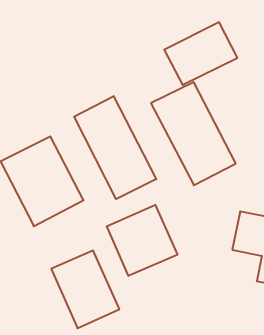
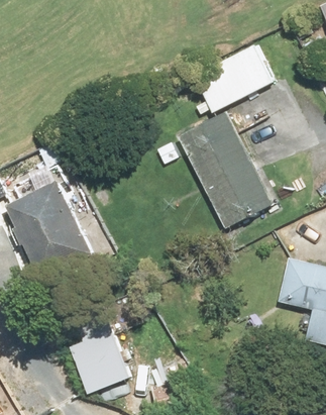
building: [74,96,156,199] -> none
building: [107,205,177,276] -> none

